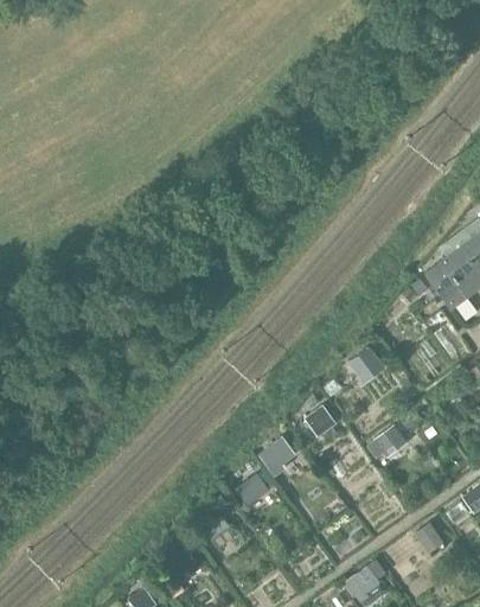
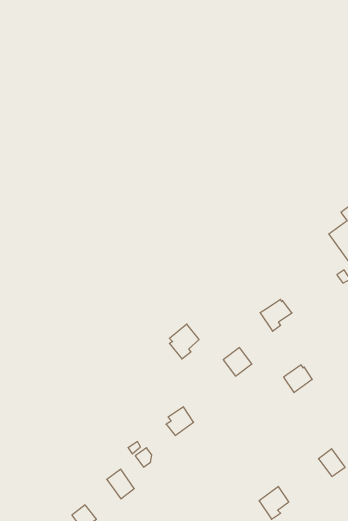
building: [261,436,295,477] -> [169,324,199,359]

